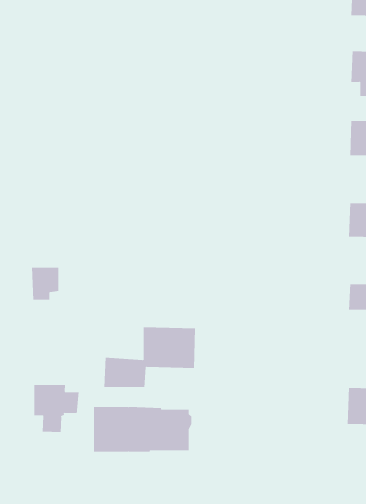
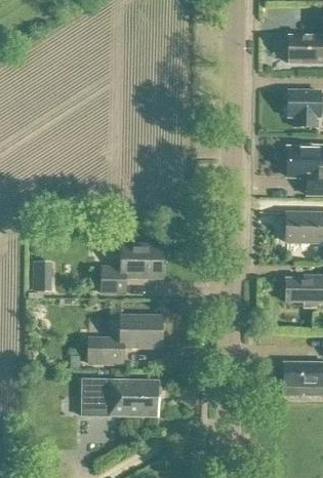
building: none -> [103,243,163,291]
building: [34,384,79,433] -> none

